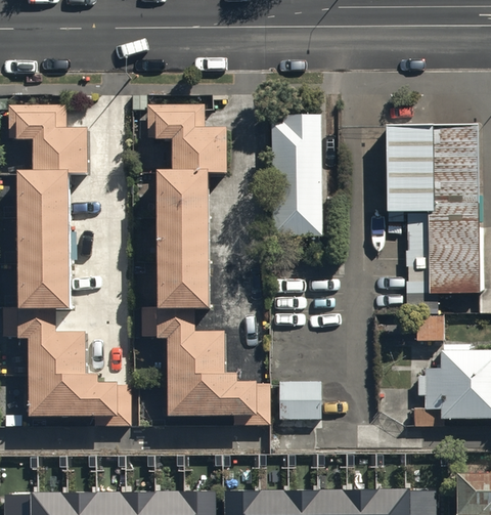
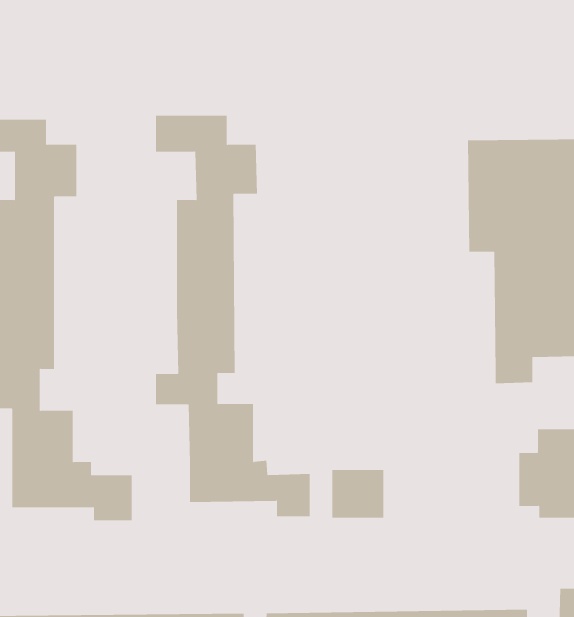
building: [272,116,324,238] -> none

